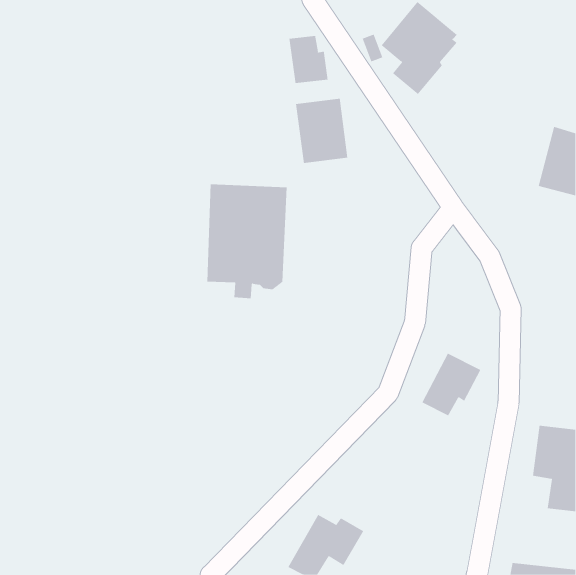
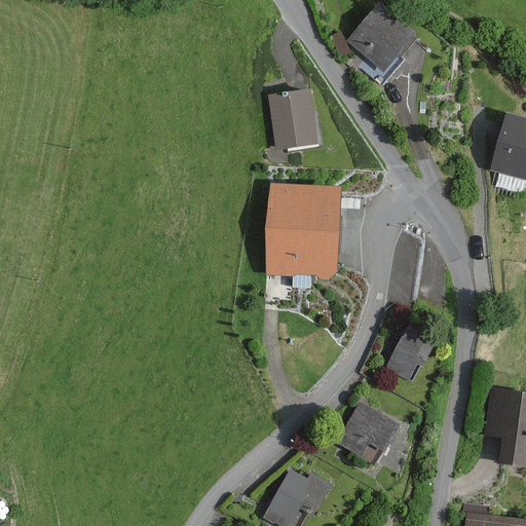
building: [289,35,328,84] -> none
building: [206,184,288,299] -> [268,183,342,288]
building: none -> [336,402,401,457]

